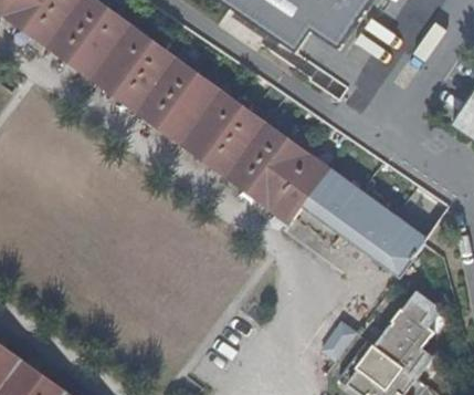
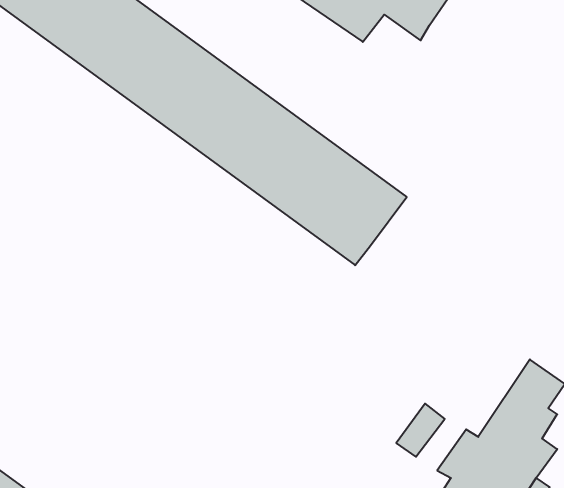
building: [301,169,422,273] -> none

